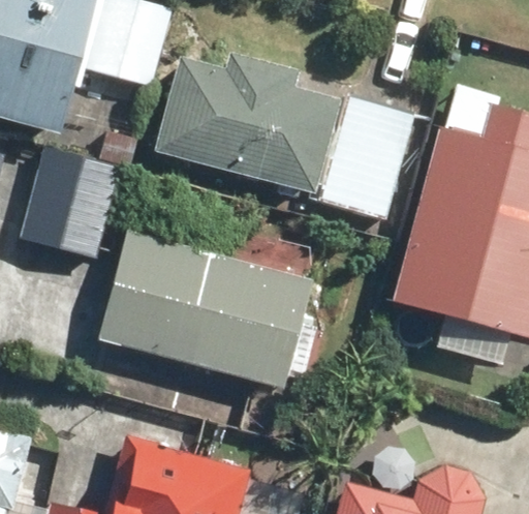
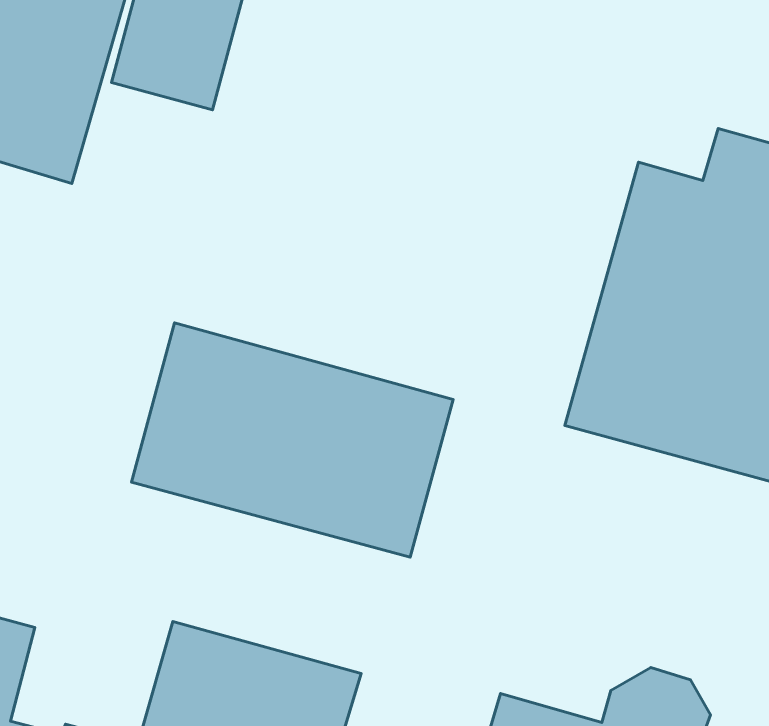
building: [154,52,342,194] -> none
building: [318,93,416,220] -> none
building: [18,144,120,261] -> none

